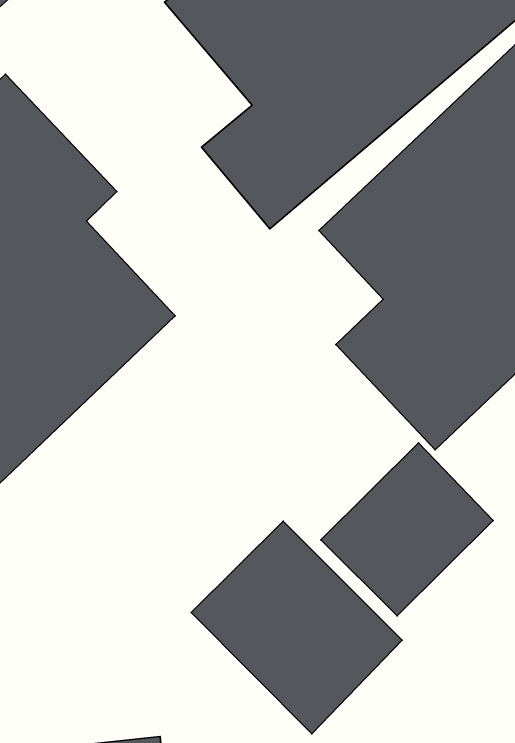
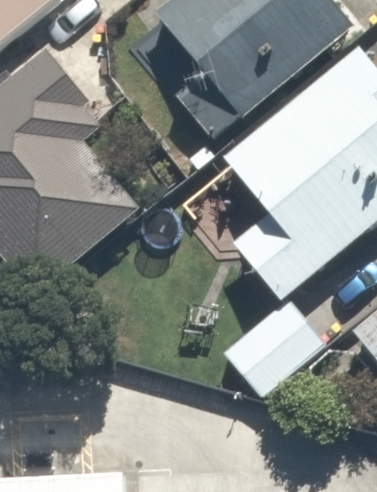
building: [191,521,402,734] -> none

